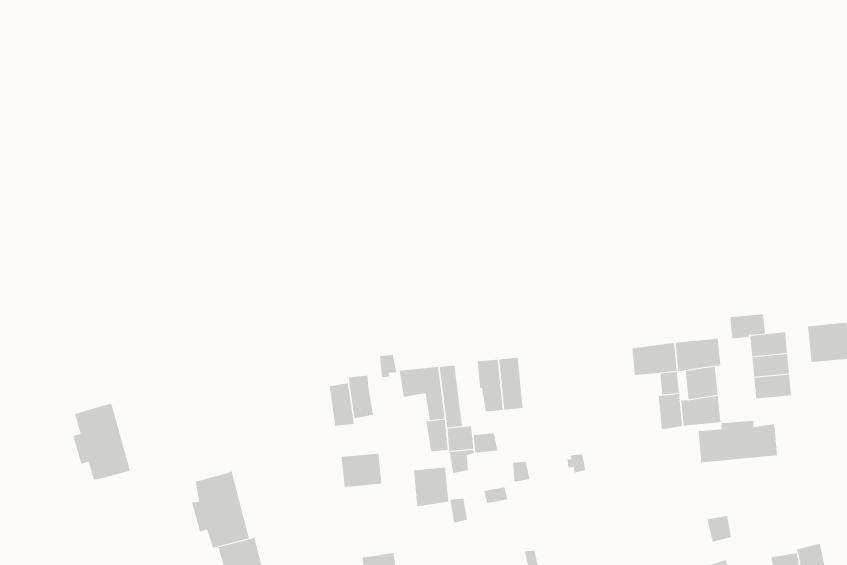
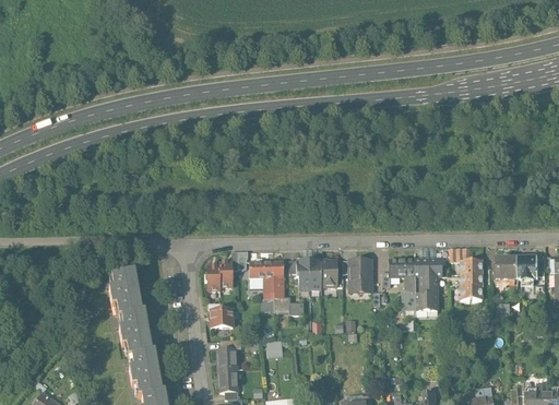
building: none -> [349,258,373,293]
building: none -> [322,258,337,286]
building: [73,403,131,480] -> [109,270,142,314]
building: [698,420,778,463] -> none
building: [413,467,449,507] -> [217,347,237,369]

